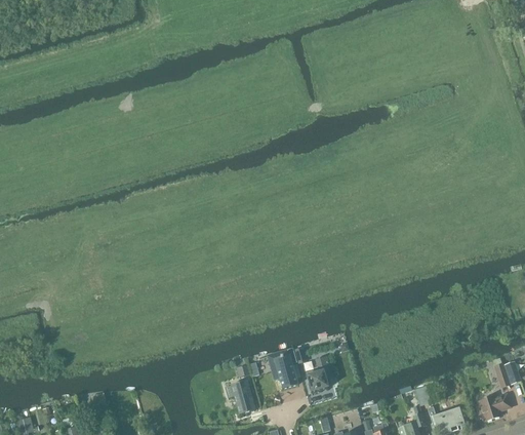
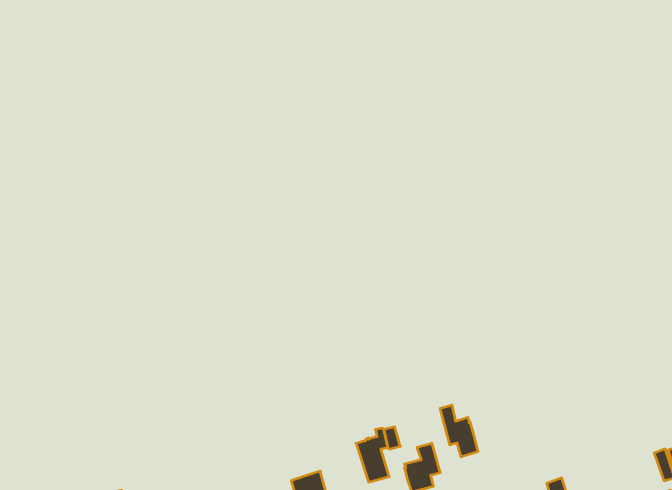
building: none -> [440,405,478,457]

